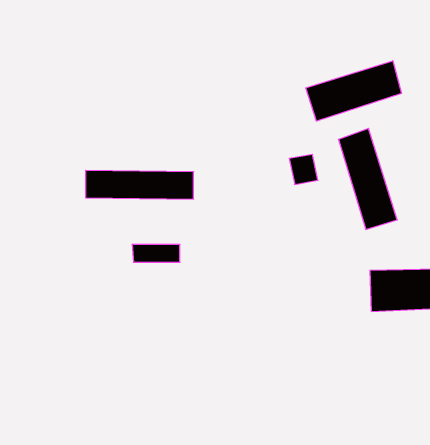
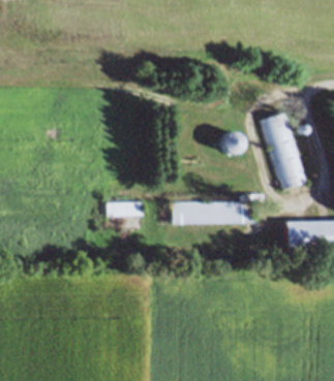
building: [306,61,402,121] -> none
building: [86,170,194,199] -> [172,202,253,224]

